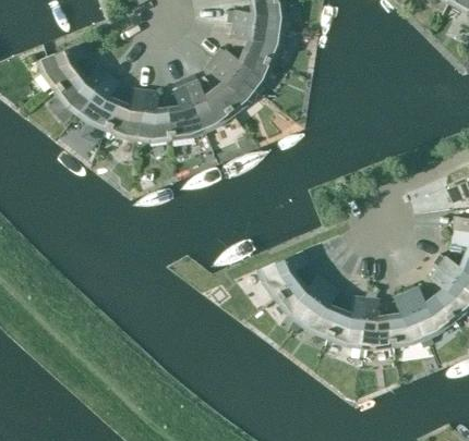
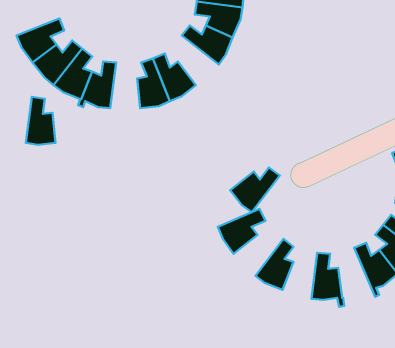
building: [206,59,255,113] -> none
building: [136,88,169,140] -> [26,97,56,145]
building: [272,272,326,321] -> [230,167,280,212]
building: [386,291,426,347] -> none
building: [325,294,363,346] -> none

